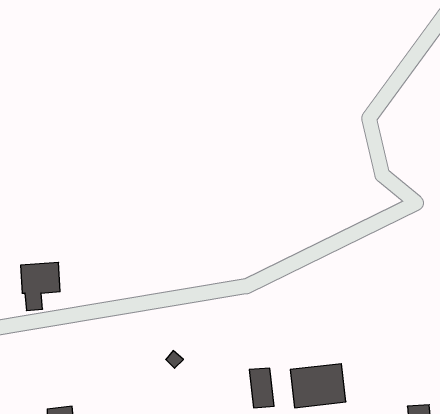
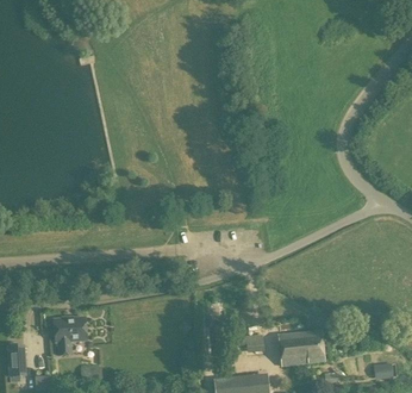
building: [21,262,60,311] -> [54,317,86,356]

